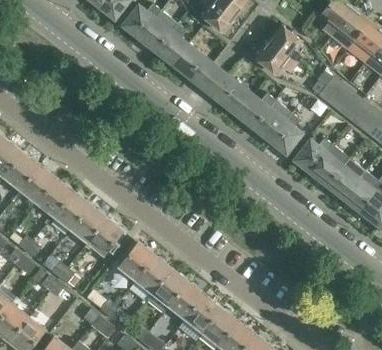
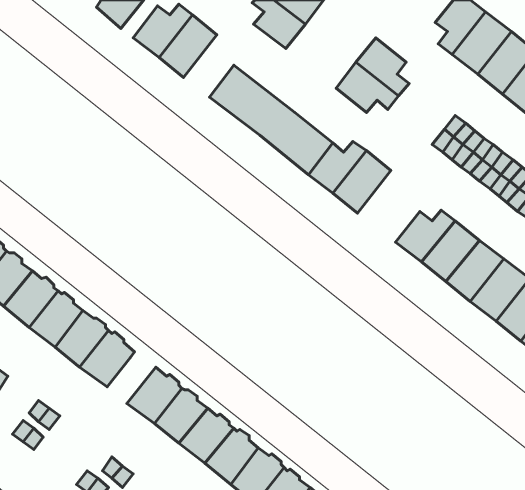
building: [155,24,188,65] -> none
building: [269,113,302,154] -> none

